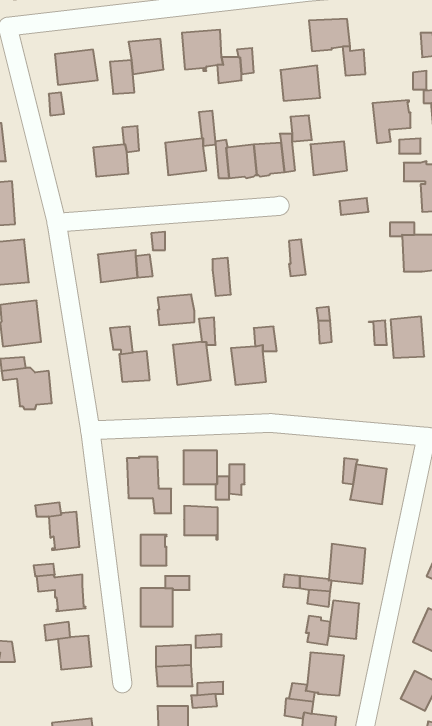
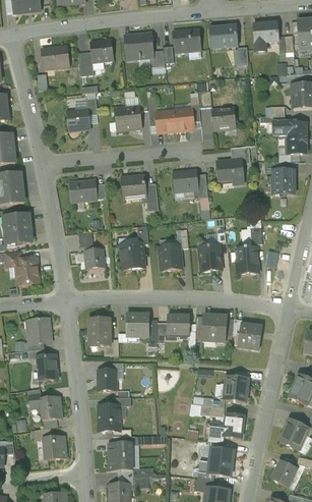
building: [280,66,320,101] -> [173,27,199,51]
building: [372,100,411,143] -> [252,21,277,50]
building: none -> [216,158,243,182]
building: none -> [172,169,197,190]
building: [158,294,194,325] -> [121,174,145,194]
building: [391,317,424,358] -> [235,245,257,273]
building: none -> [198,243,221,270]
building: none -> [201,314,227,341]
building: none -> [26,316,51,343]
building: [184,506,218,540] -> [167,313,189,335]

